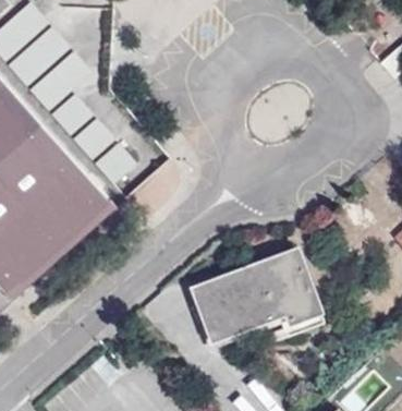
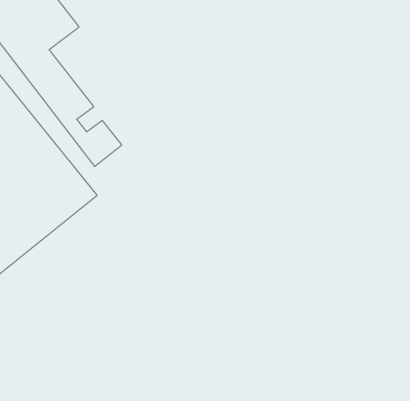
building: [194,250,324,338] -> none

